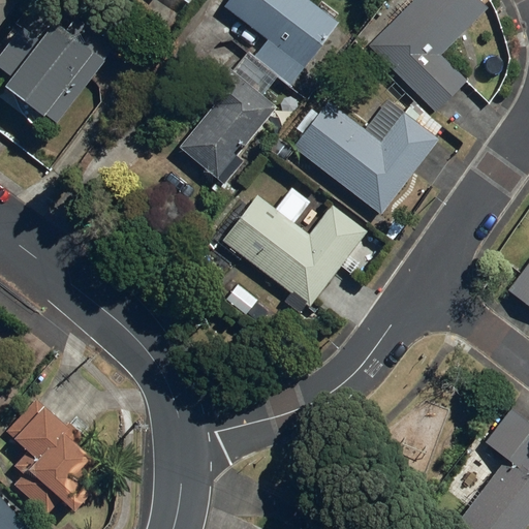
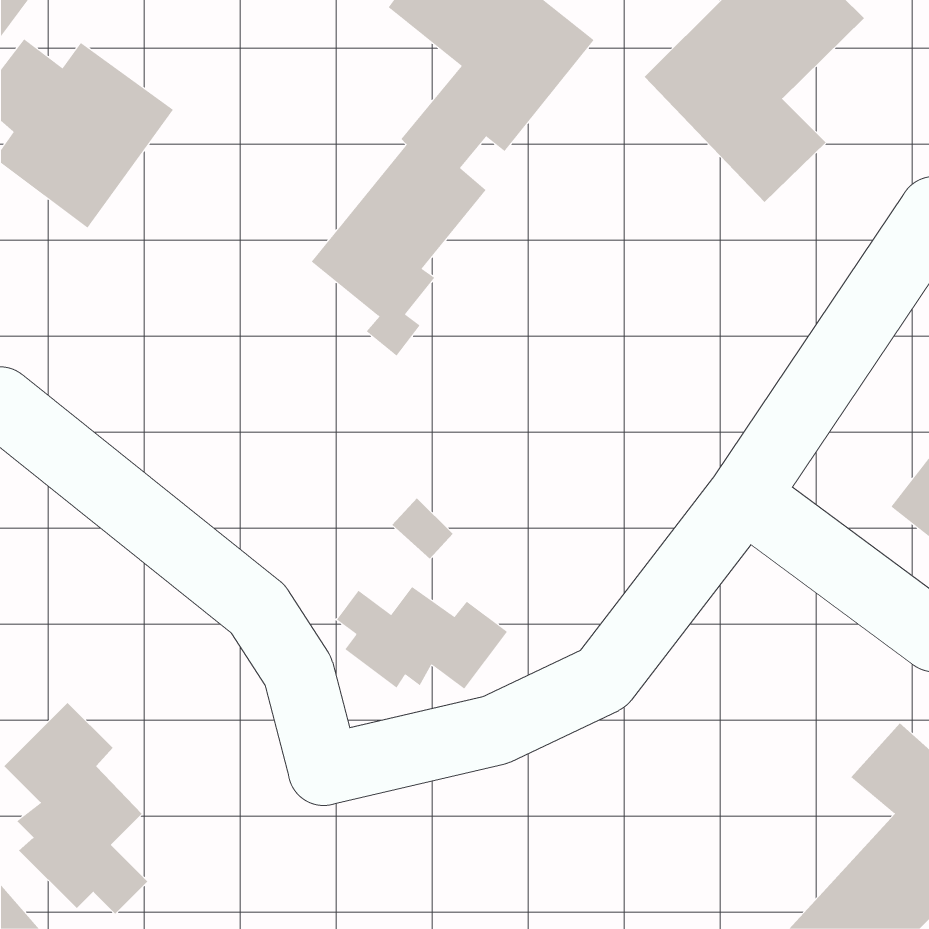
building: [293,97,439,213] -> none
building: [218,187,368,309] -> none
building: none -> [336,586,508,690]

